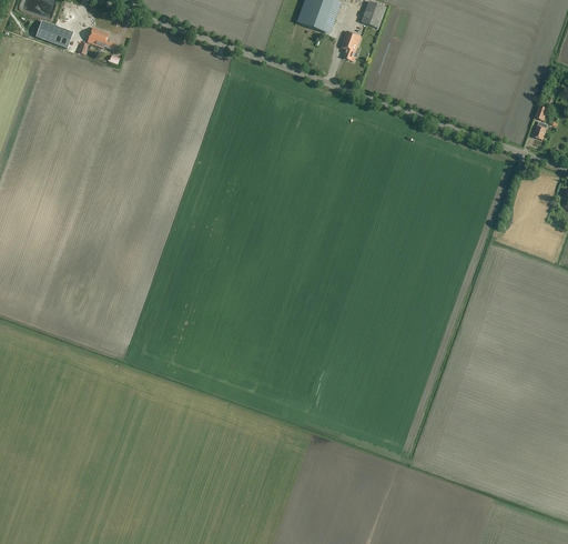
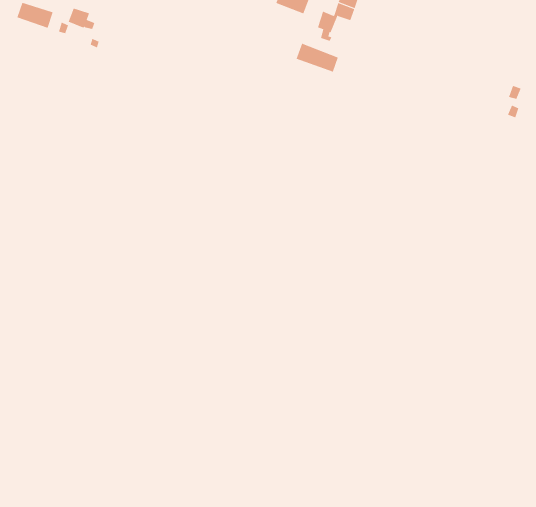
building: none -> [296,43,339,73]

